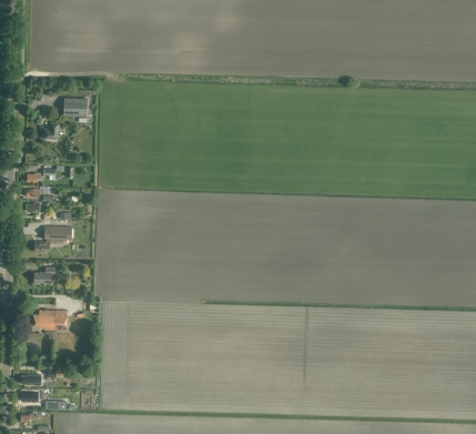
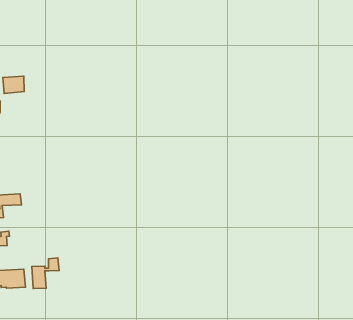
building: none -> [32,258,59,288]

